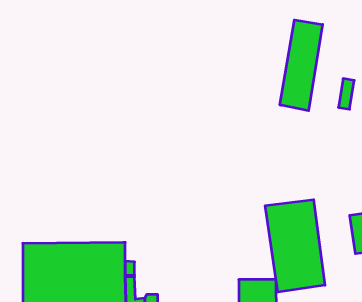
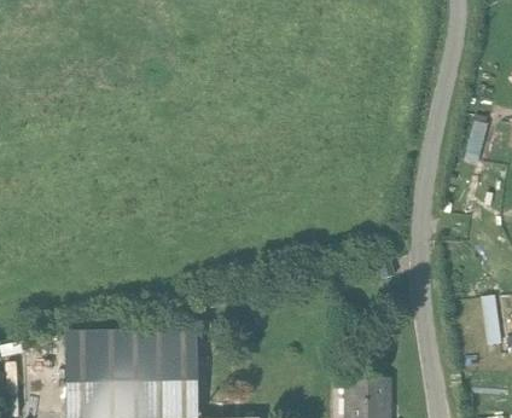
building: [280,20,323,111] -> none
building: [265,200,325,292] -> none

